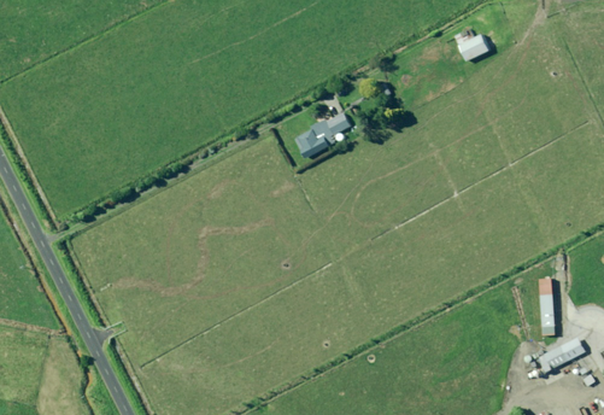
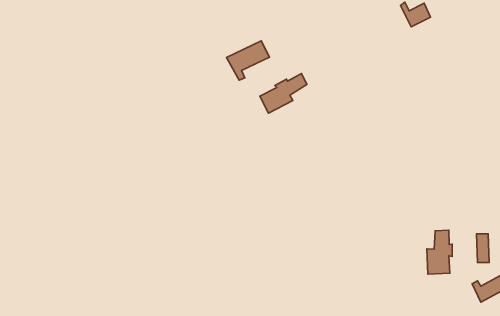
building: none -> [227,41,270,80]
building: none -> [427,230,452,274]

